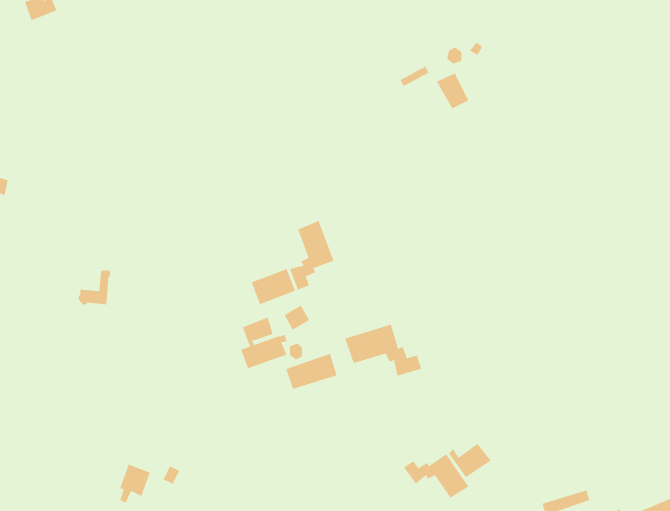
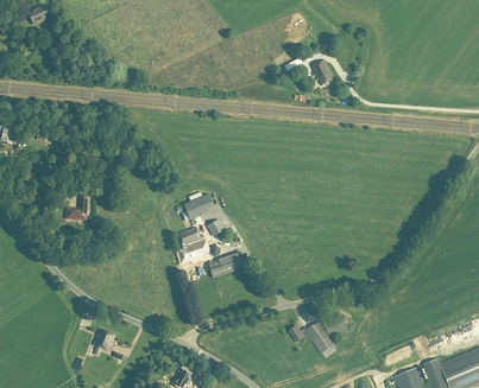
building: [290,220,334,290] -> none
building: [345,324,422,377] -> none

